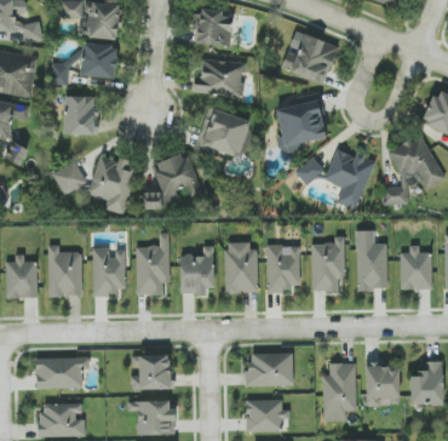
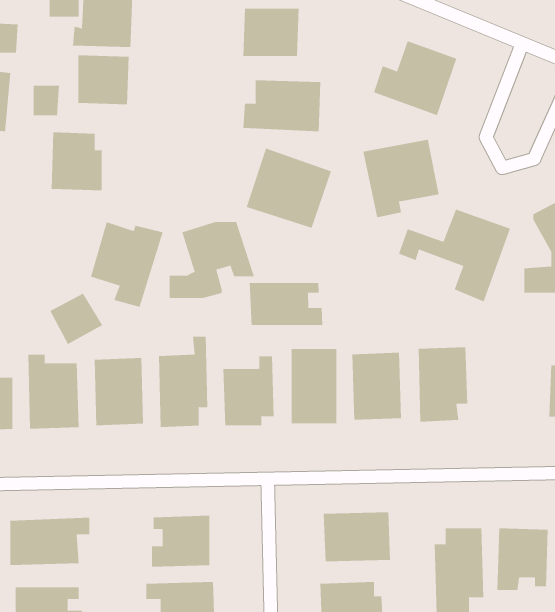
building: [52,161,88,196] -> [50,293,103,345]
building: none -> [249,282,323,326]
building: [356,230,387,290] -> none

